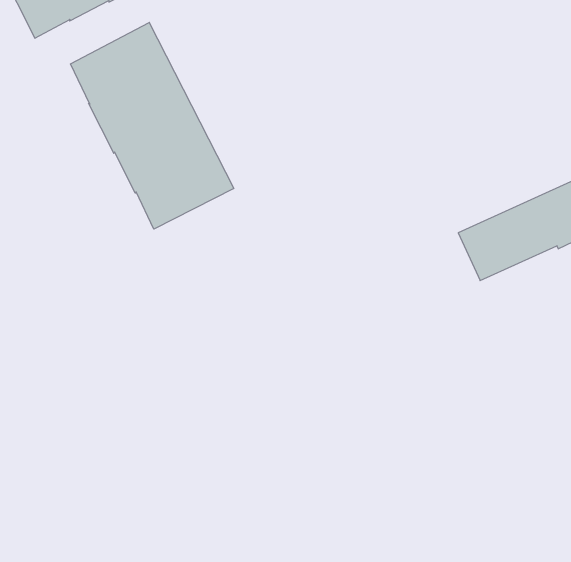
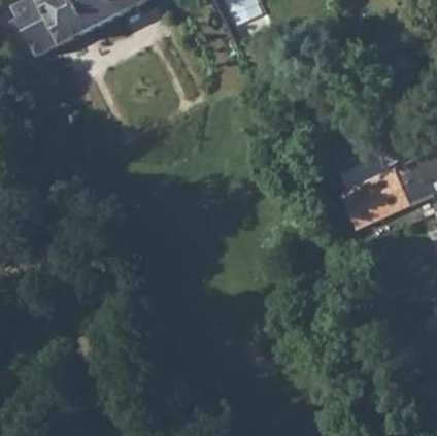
building: [71,22,234,229] -> none

